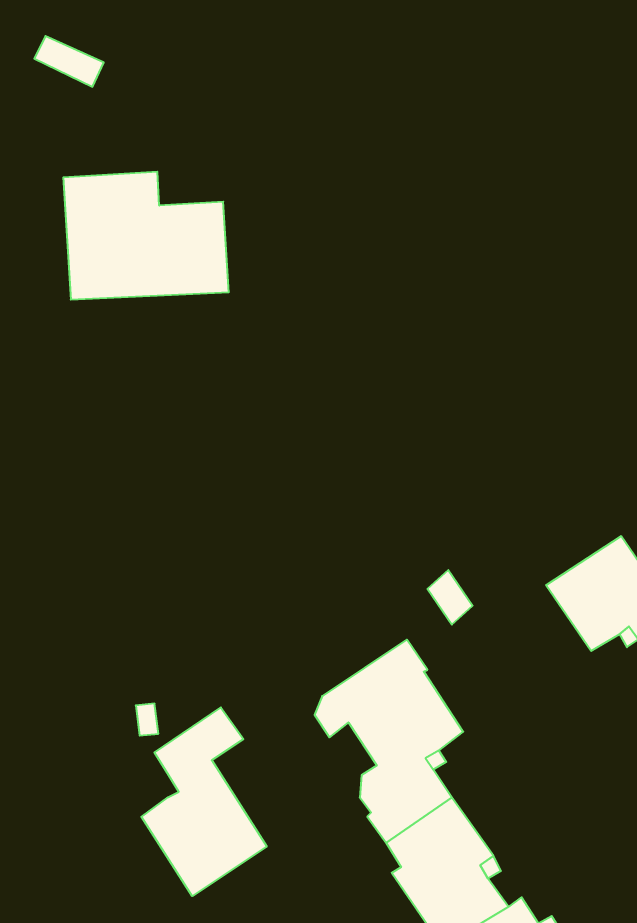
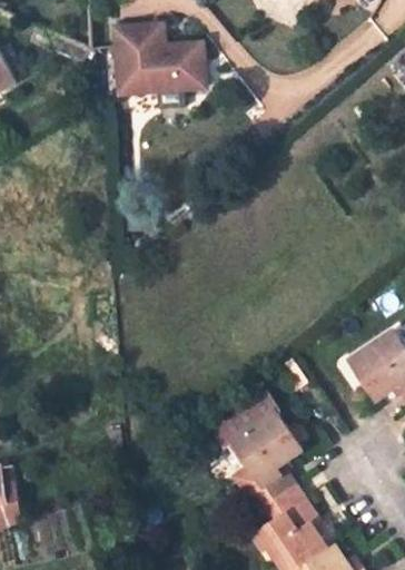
building: [63,172,229,300] -> [109,19,207,95]
building: [141,707,267,896] -> none

